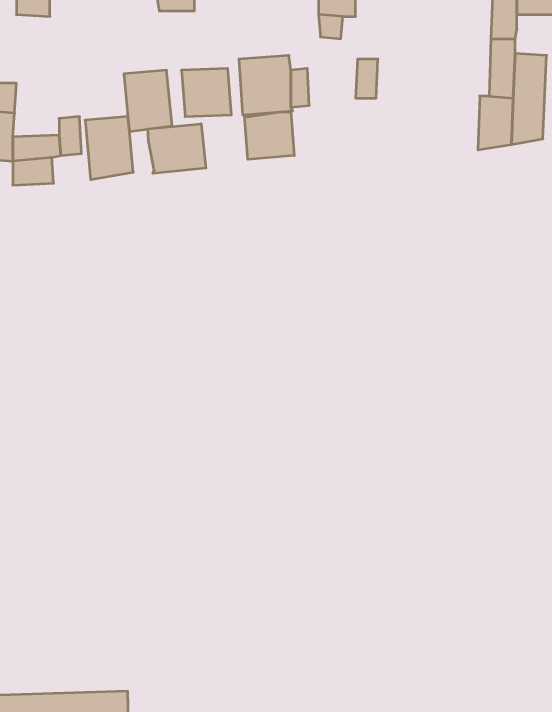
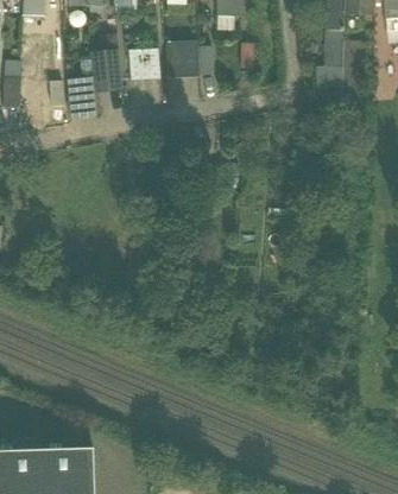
building: [245,112,294,159] -> none
building: [148,124,206,173] -> none

